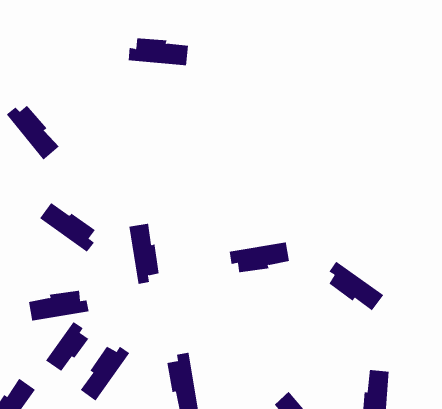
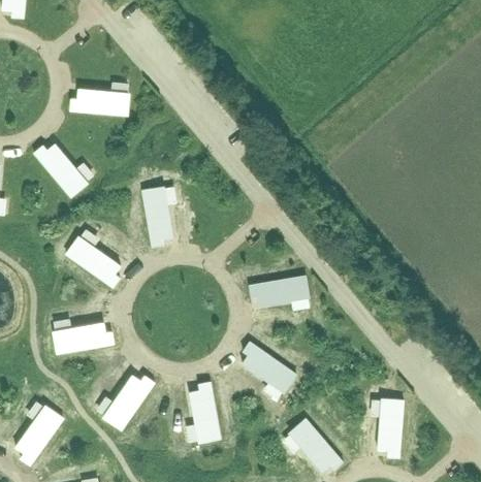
building: [128,38,189,66] -> [70,89,129,116]
building: [128,223,159,284] -> [142,188,172,247]
building: [328,261,384,311] -> [243,341,296,389]
building: [45,321,89,372] -> none

